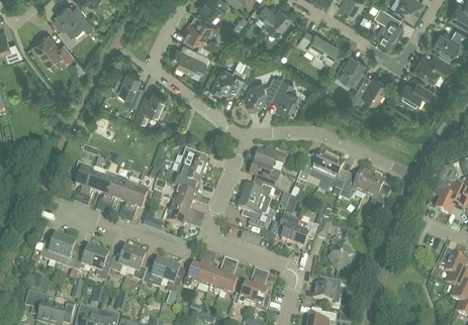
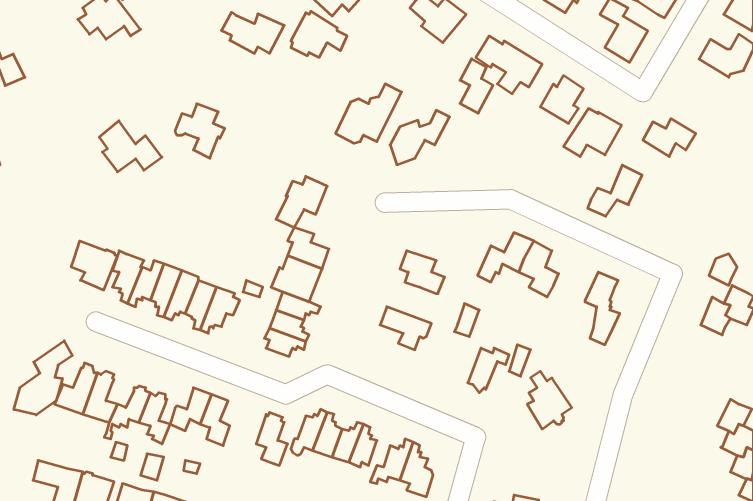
building: [35,32,74,64] -> [99,121,162,172]
building: [171,46,209,72] -> [221,12,284,53]
building: [413,55,452,81] -> none
building: [277,78,297,111] -> [460,59,493,113]
building: [133,90,165,121] -> [276,176,327,228]
building: [255,145,286,167] -> none
building: none -> [71,241,118,290]
building: [339,168,372,199] -> [588,165,642,216]
building: [243,183,273,205] -> none
building: [276,212,300,241] -> none
building: none -> [14,341,72,415]
building: [143,256,169,283] -> none
building: [312,277,342,299] -> none

